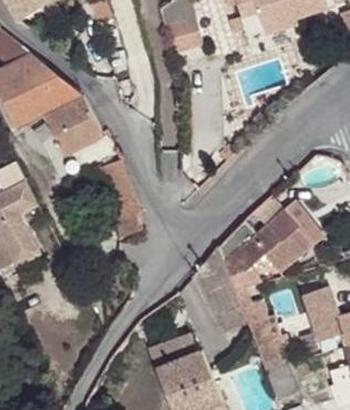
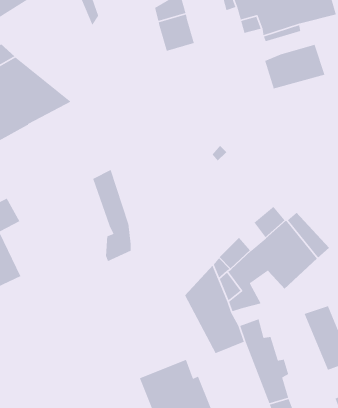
building: none -> [264,44,326,90]
building: [46,97,105,155] -> none

